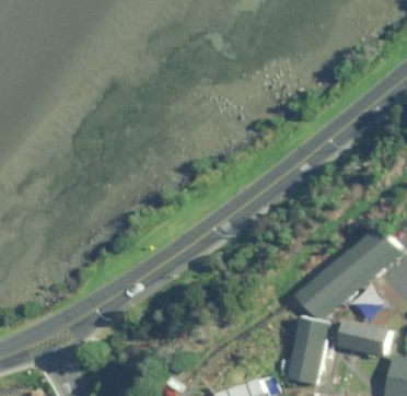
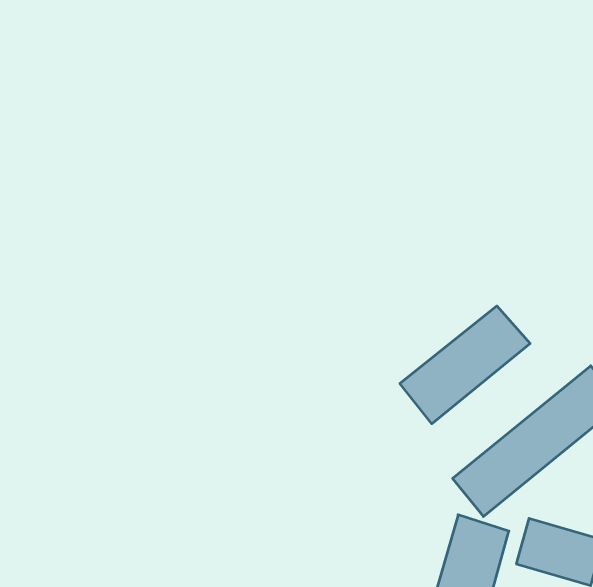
building: none -> [400,306,530,424]

